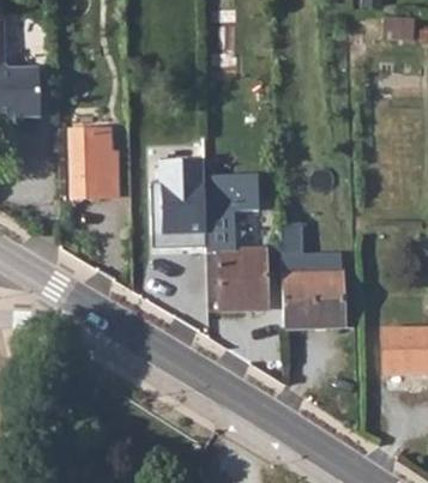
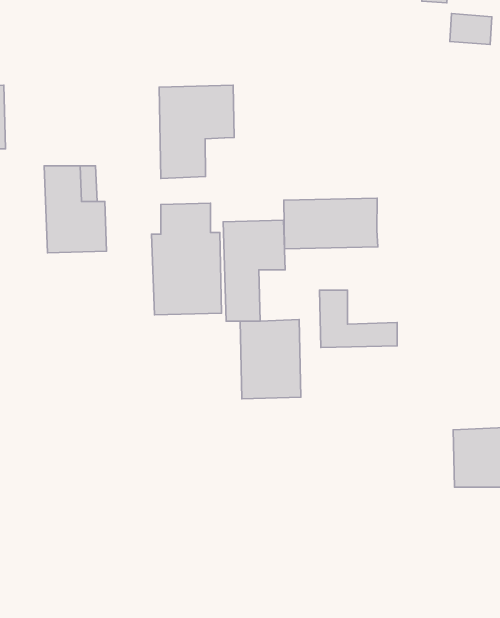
building: none -> [159,85,234,179]
building: none -> [284,198,378,249]
building: [283,270,343,328] -> none

